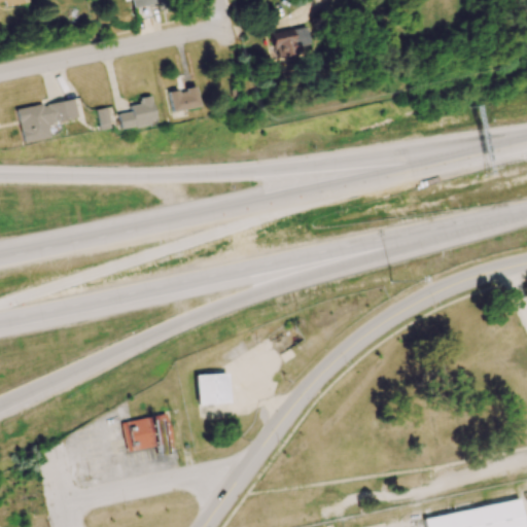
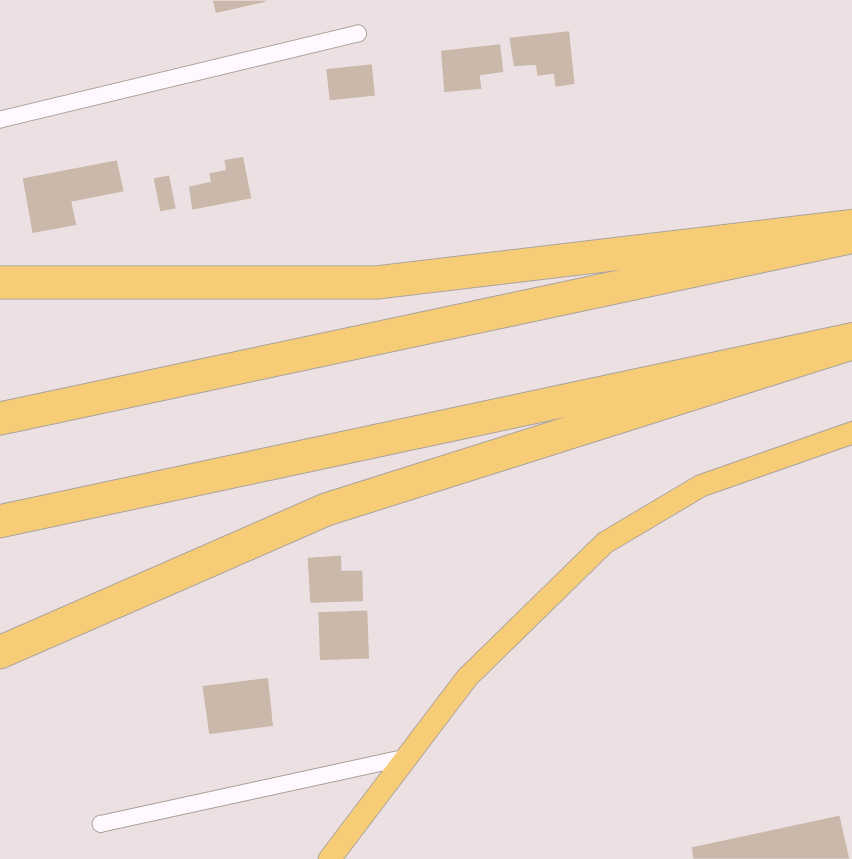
building: none -> [509,30,575,87]
building: [170,89,201,111] -> [326,64,376,101]
building: none -> [307,555,364,604]

